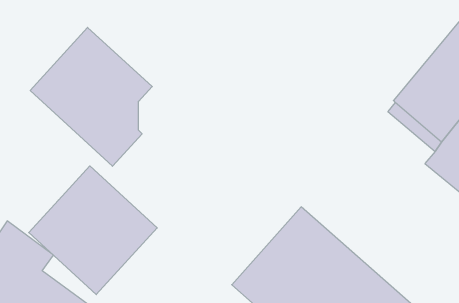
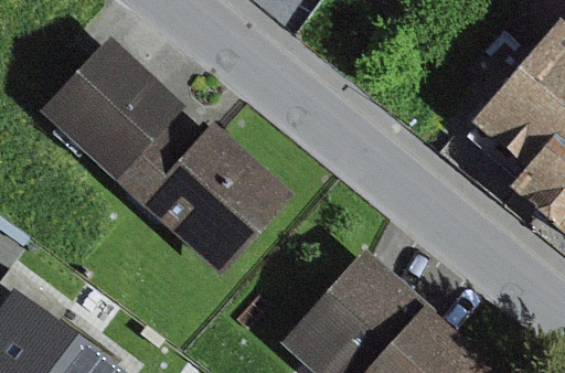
building: [29,166,157,295] -> [138,121,291,275]

